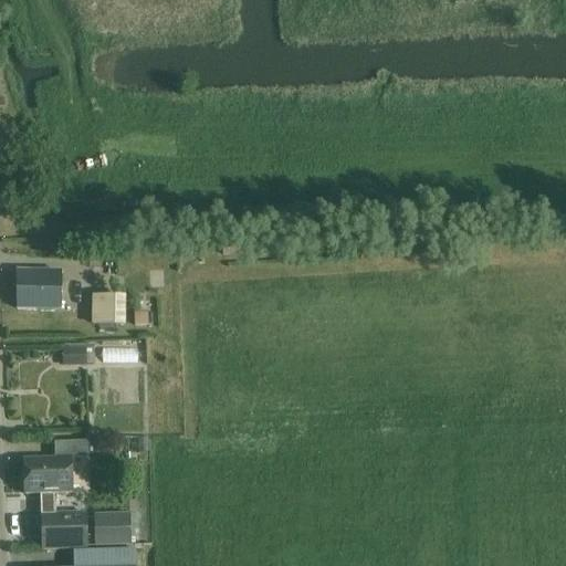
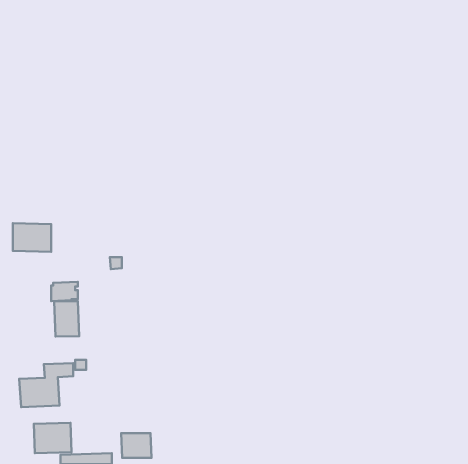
building: [94,295,124,323] -> none
building: none -> [54,301,79,337]
building: [94,513,130,543] -> [121,433,152,458]

